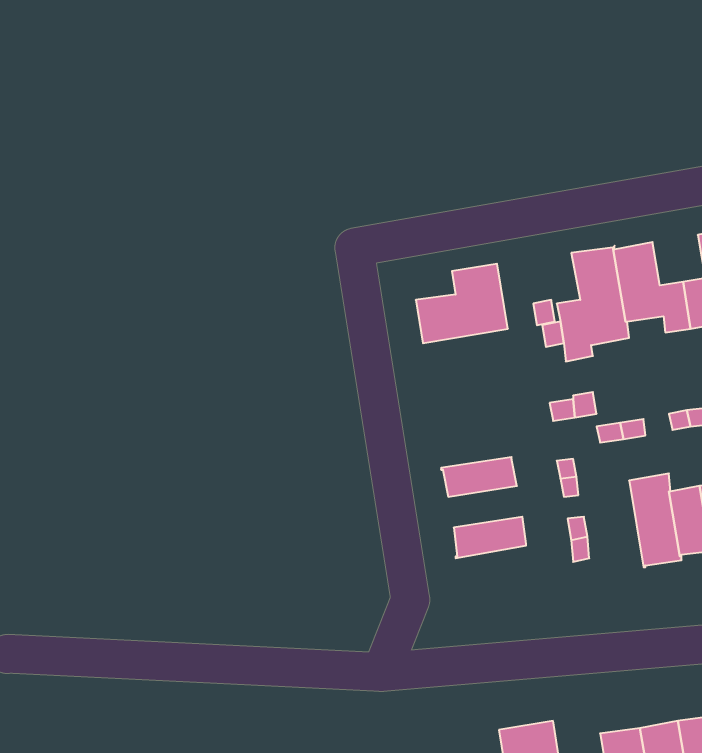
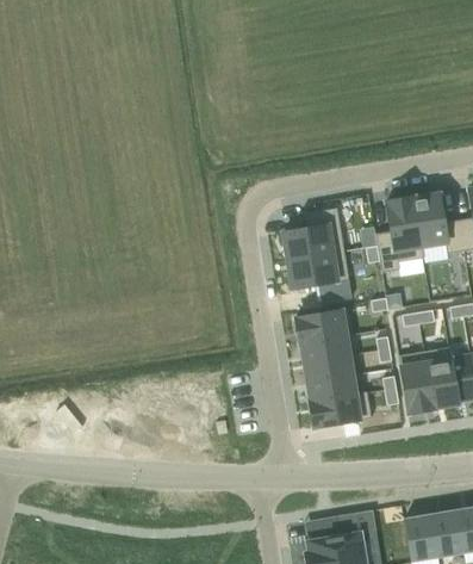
building: none -> [287,250,351,300]
building: none -> [294,309,351,342]
building: none -> [398,351,432,413]
building: none -> [304,354,353,382]
building: none -> [309,391,371,427]

